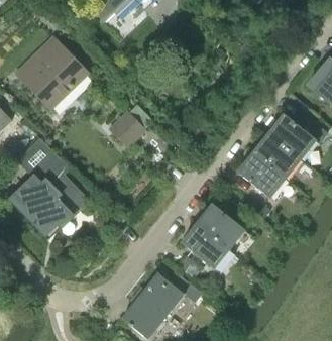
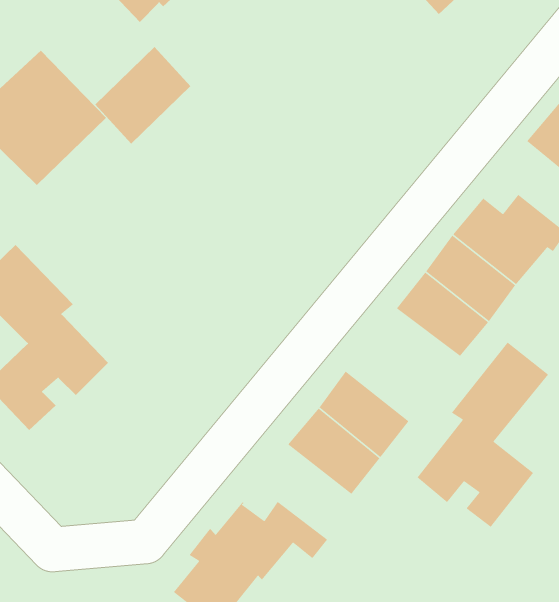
building: none -> [95,46,191,145]
building: [109,113,143,147] -> none
building: none -> [416,342,549,528]

